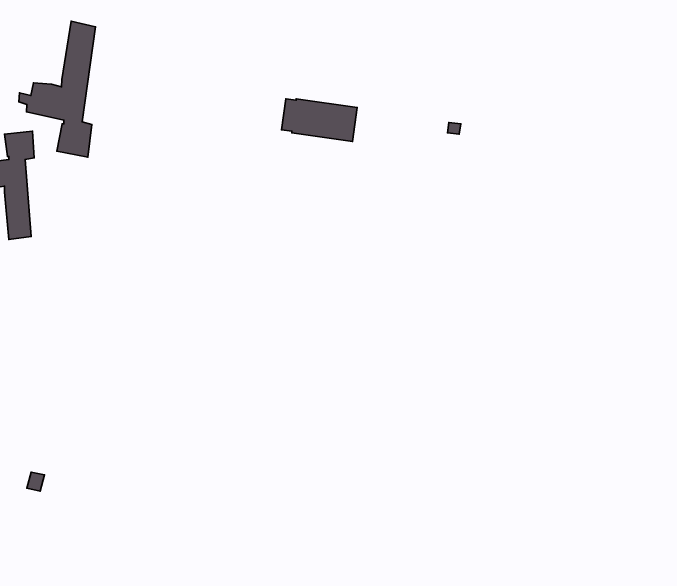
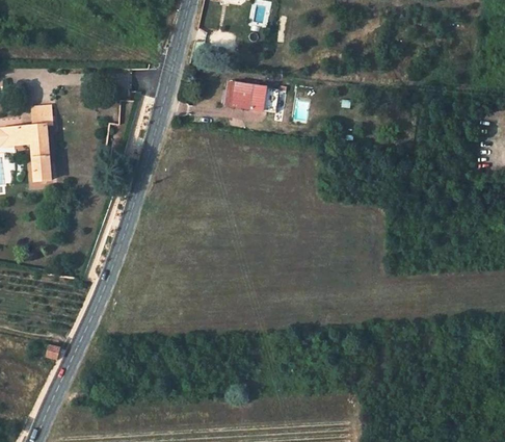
building: [19,21,96,157] -> none

